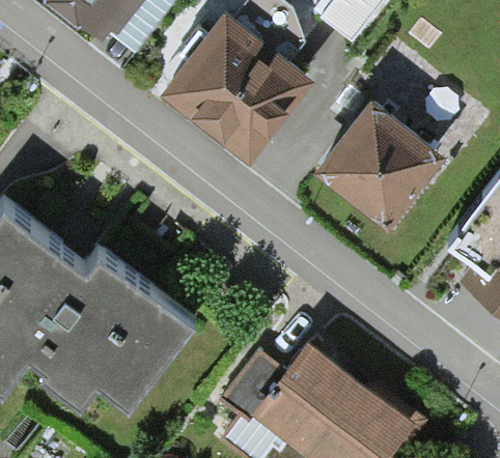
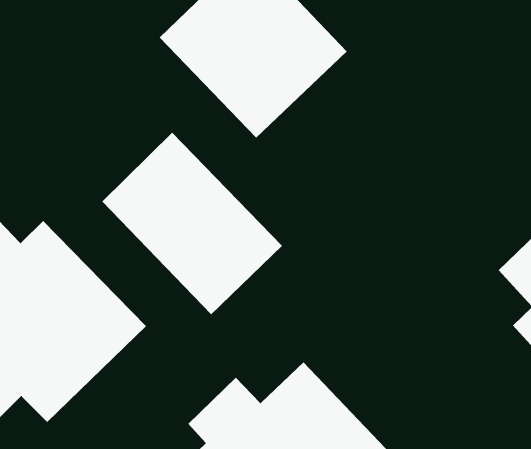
building: [323,93,440,209] -> none
building: none -> [101,132,283,315]

